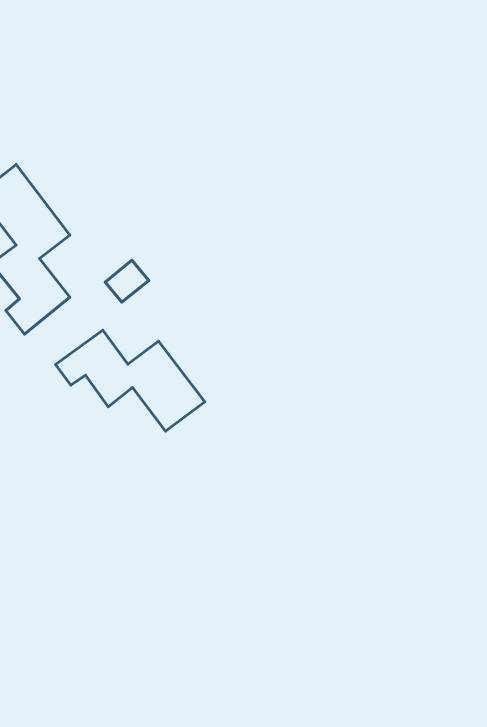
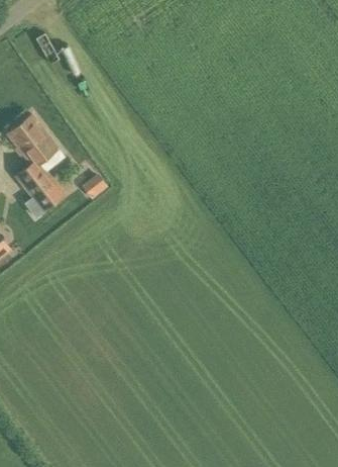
building: [56,330,205,431] -> none

